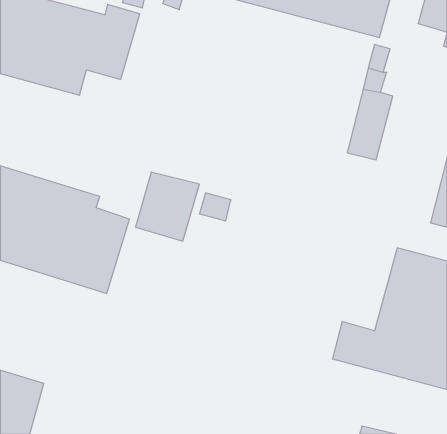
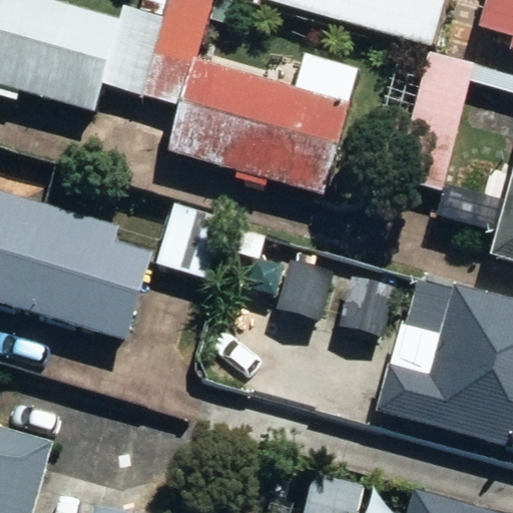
building: none -> [138,16,348,193]

